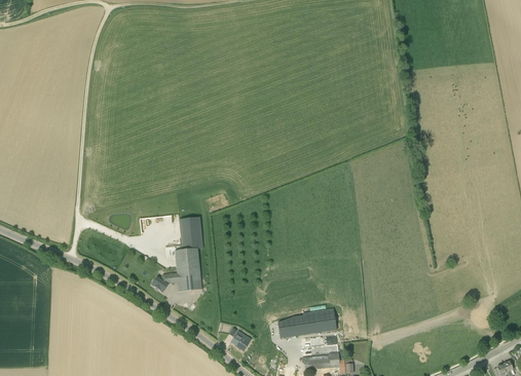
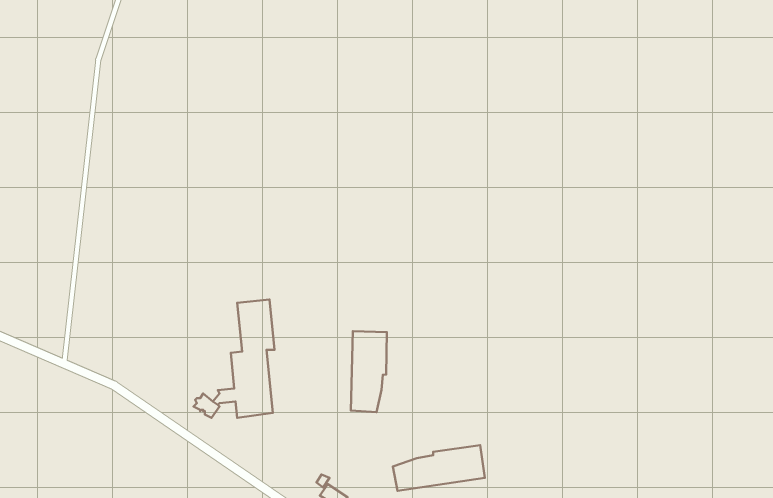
building: none -> [351,331,387,412]

